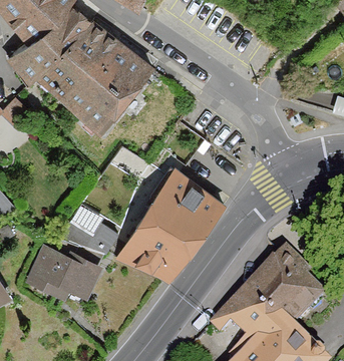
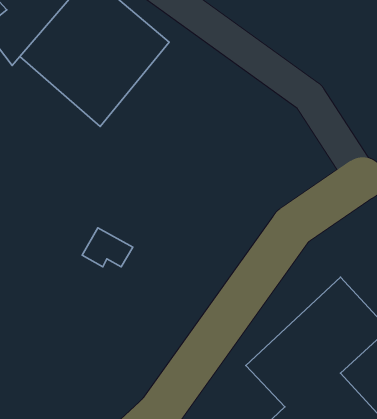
building: [116,165,223,280] -> none
building: [25,242,100,312] -> none

